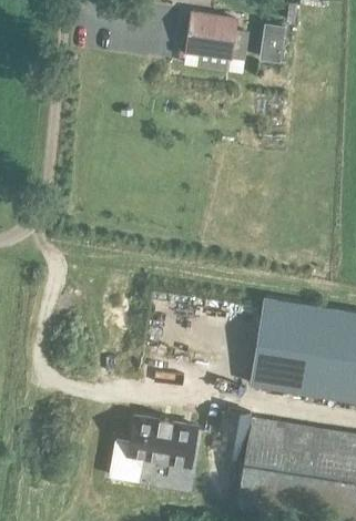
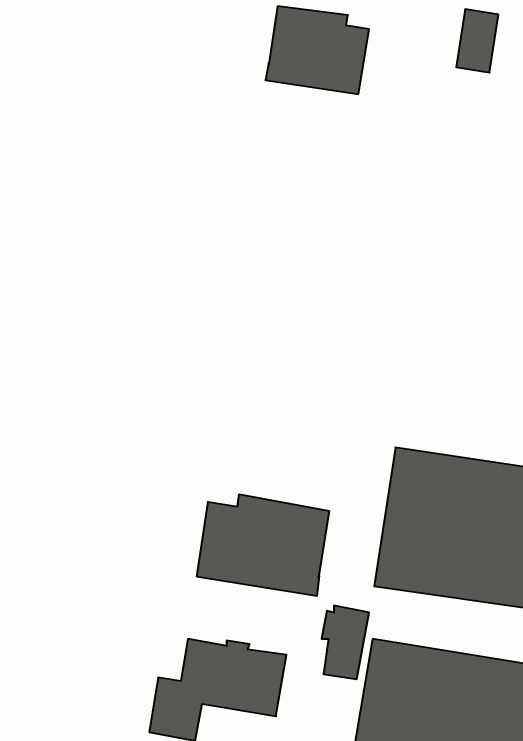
building: [257,23,284,63] -> [456,9,498,73]
building: none -> [197,494,329,596]

